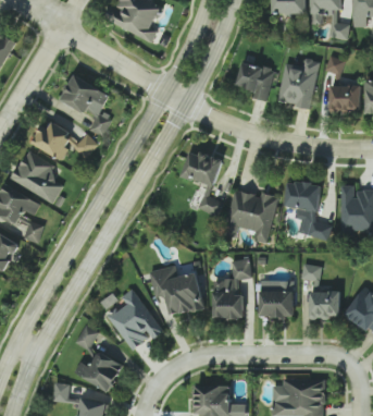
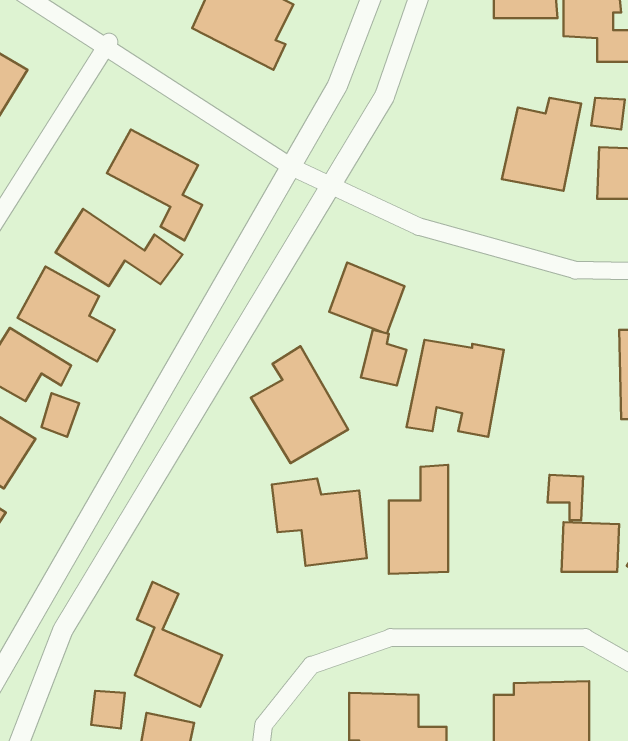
building: [236,62,275,101] -> none
building: [284,181,332,238] -> none
building: [109,286,162,351] -> [251,346,348,463]
building: [259,290,294,317] -> none

